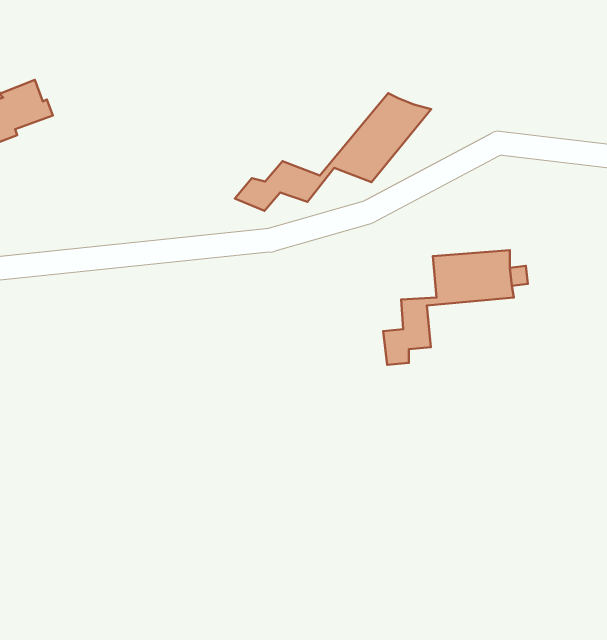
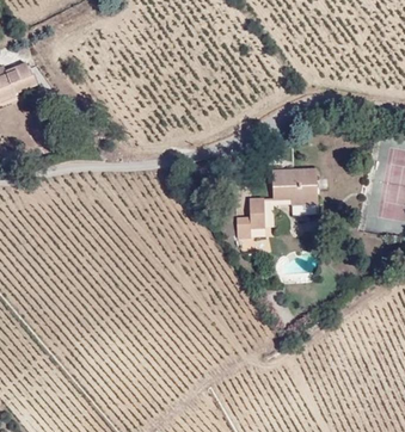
building: [235,93,431,211] -> none

